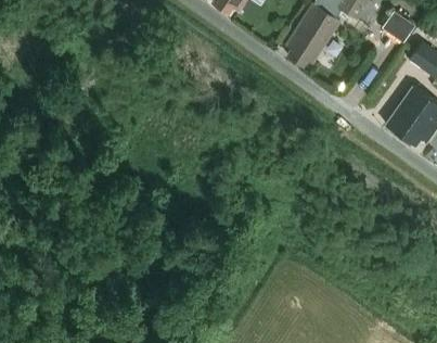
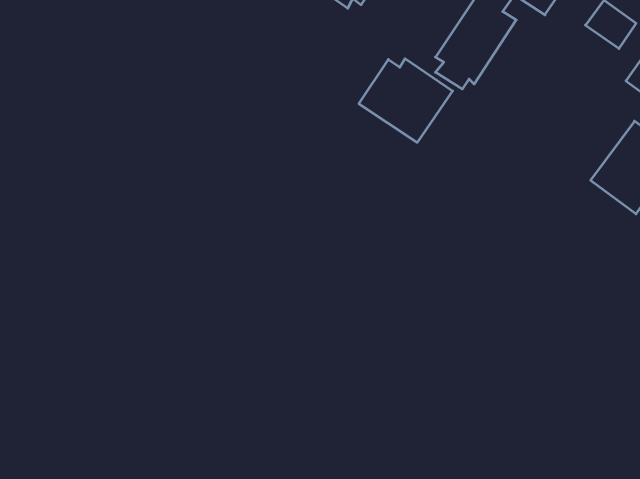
building: none -> [359,59,453,142]

